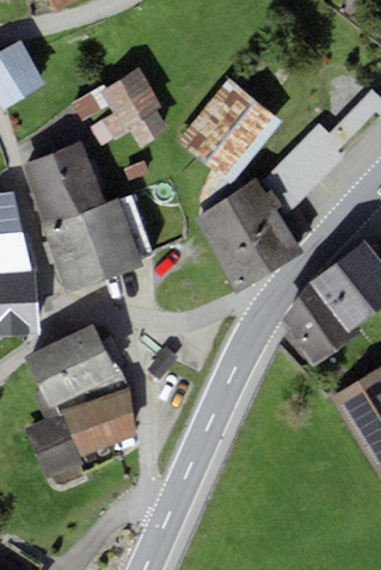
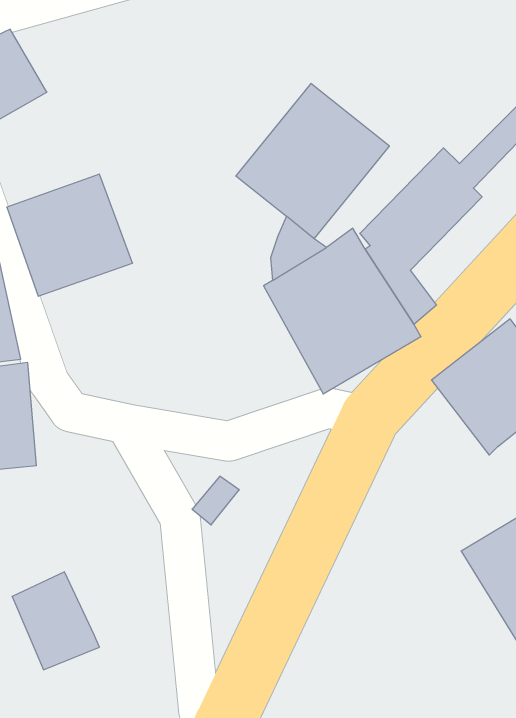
building: [72,66,167,141] -> none
building: [42,195,155,293] -> none
building: [282,281,361,367] -> none
building: [25,324,118,407] -> none
building: [62,387,137,455] -> none

